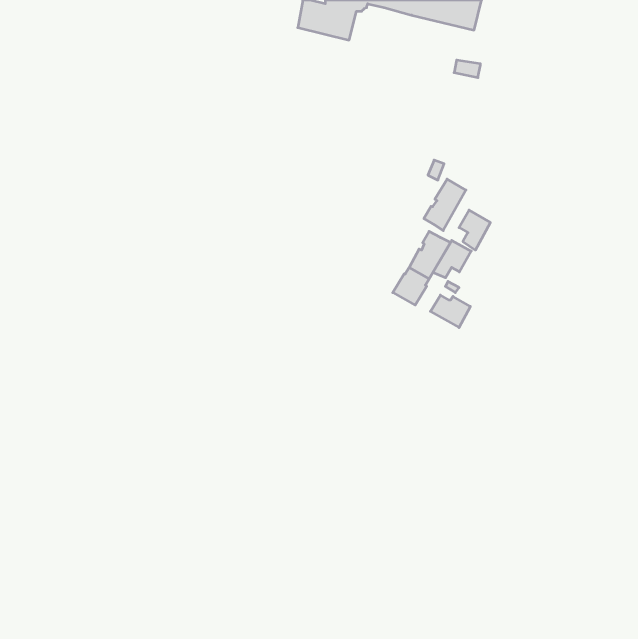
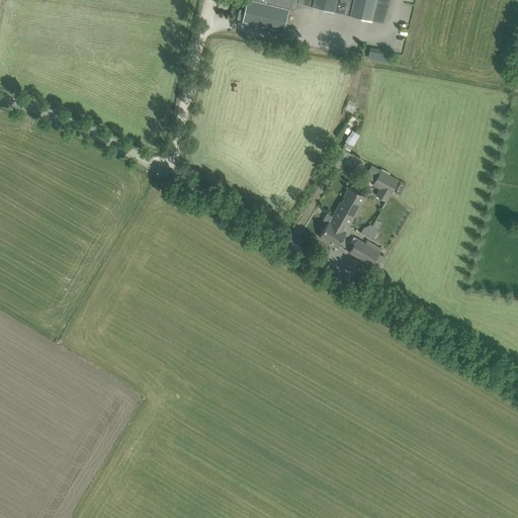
building: [424,179,466,231] -> none
building: [433,240,471,278] -> none

